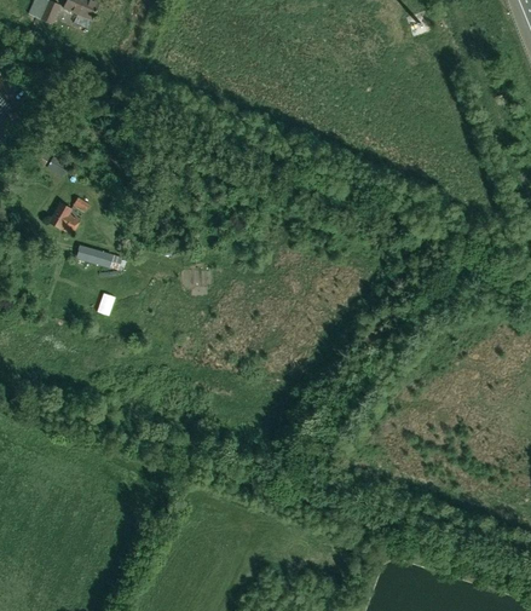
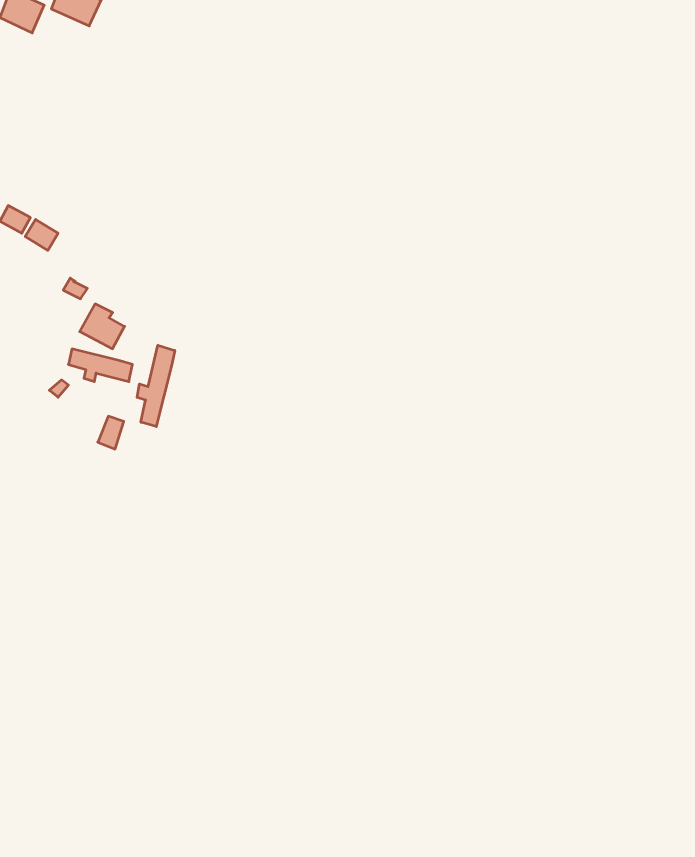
building: [48,202,80,234] -> [80,304,125,349]
building: none -> [137,345,175,427]

